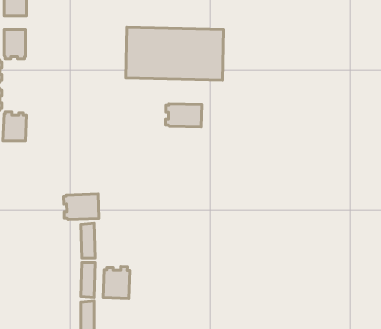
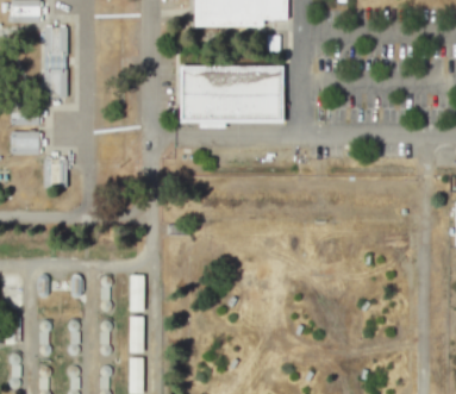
building: [165,104,202,127] -> none
building: [64,194,99,219] -> none
building: [103,267,130,298] -> none

